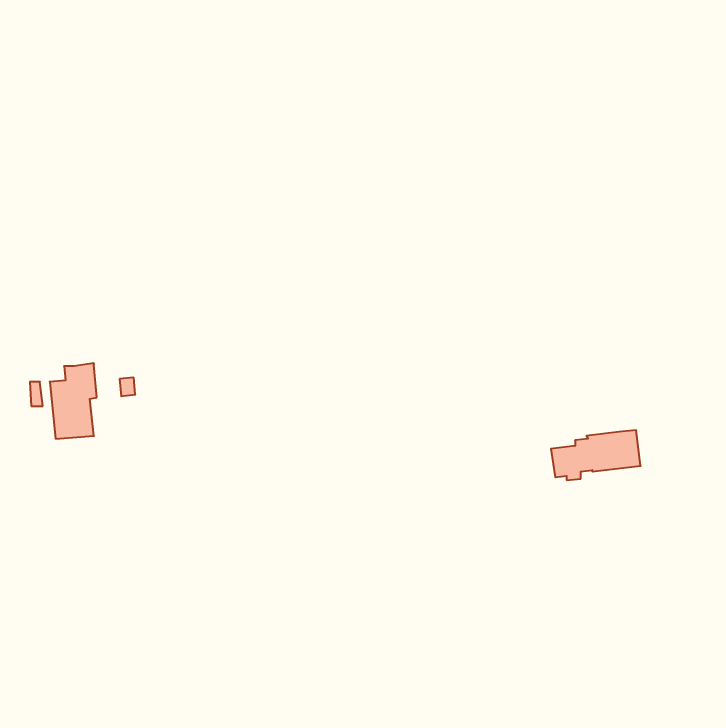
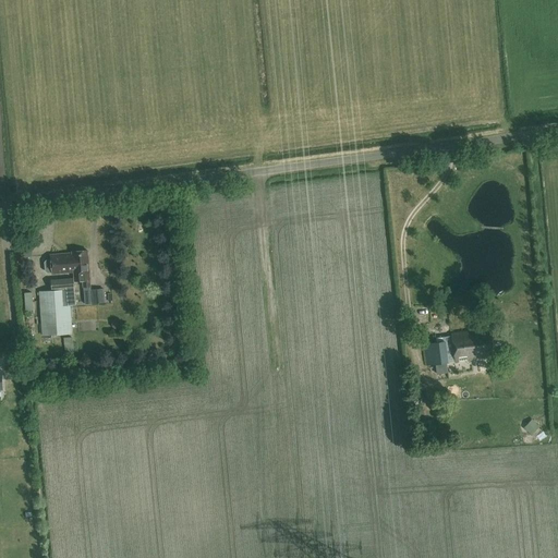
building: none -> [44,251,89,287]

